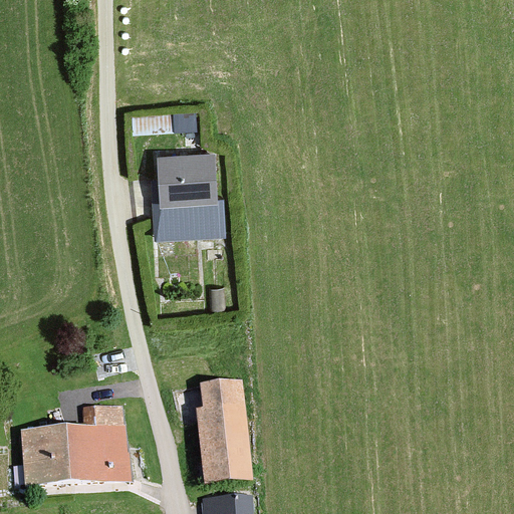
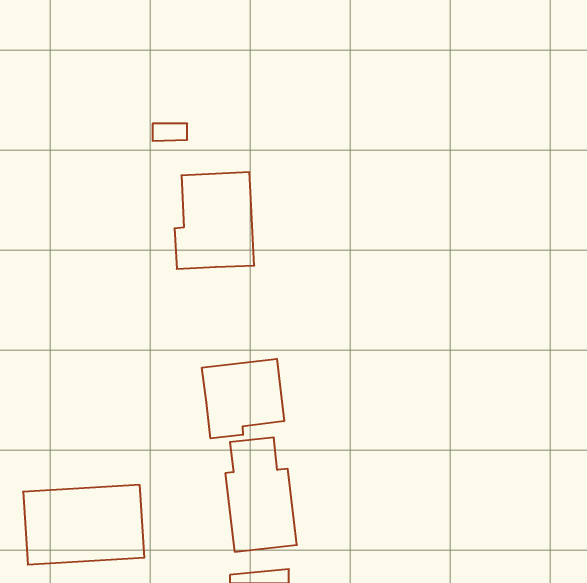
building: none -> [202,359,284,438]

